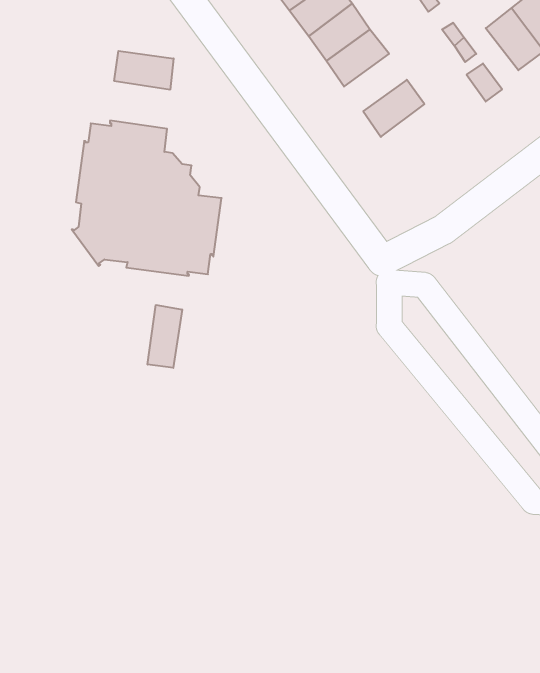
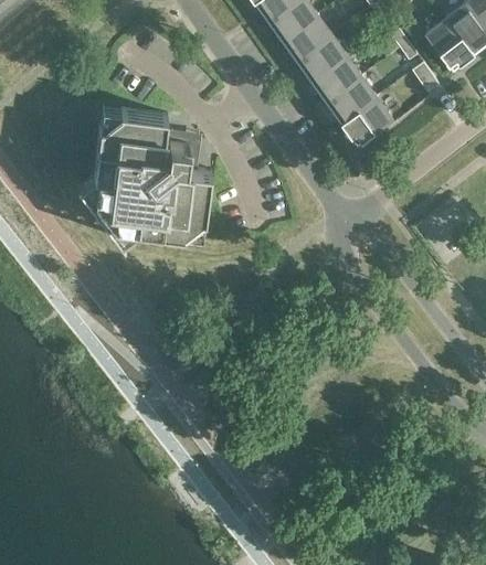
building: [114,51,174,90] -> none
building: none -> [311,55,362,102]
building: none -> [341,96,392,143]
building: [148,305,182,368] -> none

